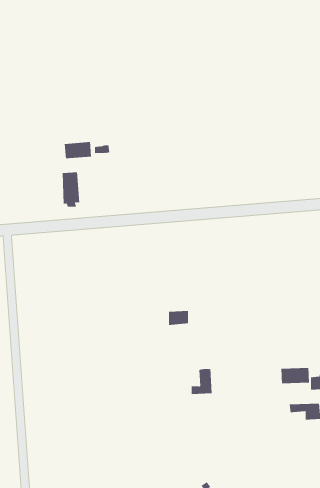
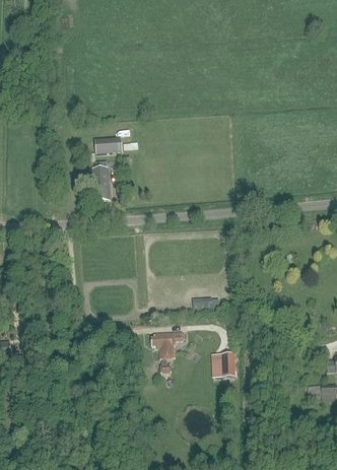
building: none -> [151,332,185,374]
building: [281,367,310,384] -> none

